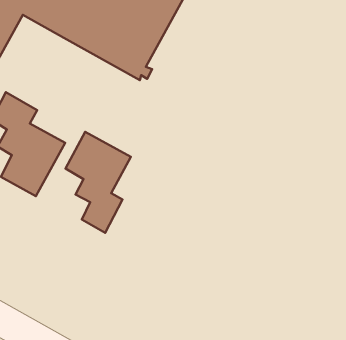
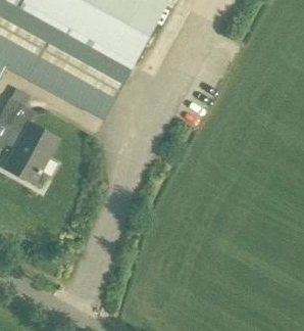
building: [66,132,131,233] -> none

